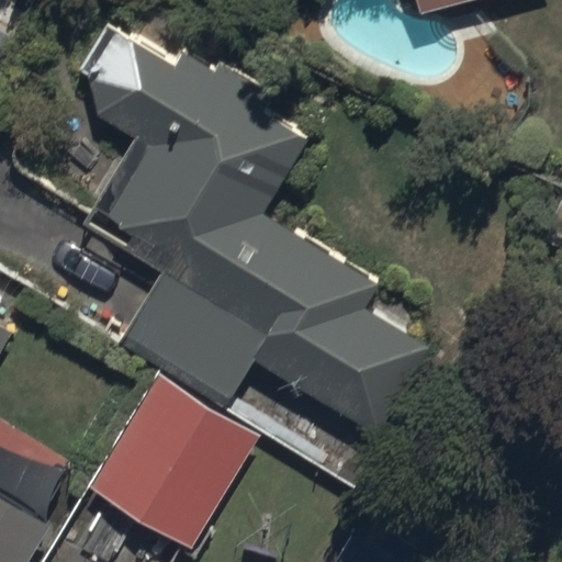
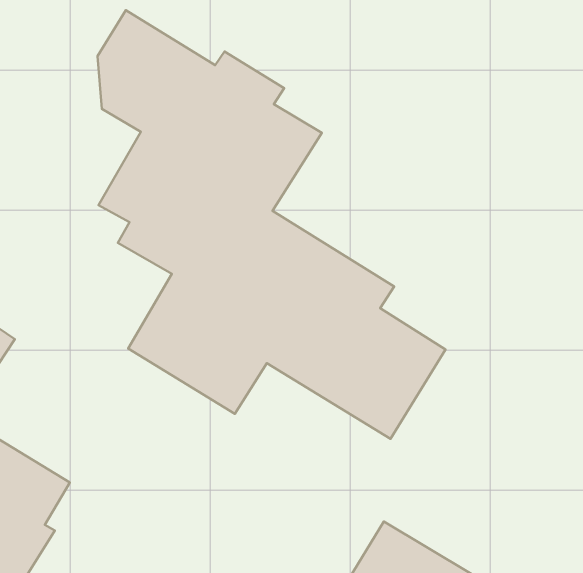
building: [89,374,258,550] -> none

